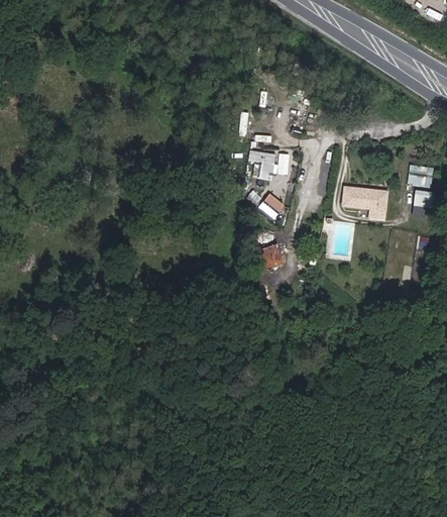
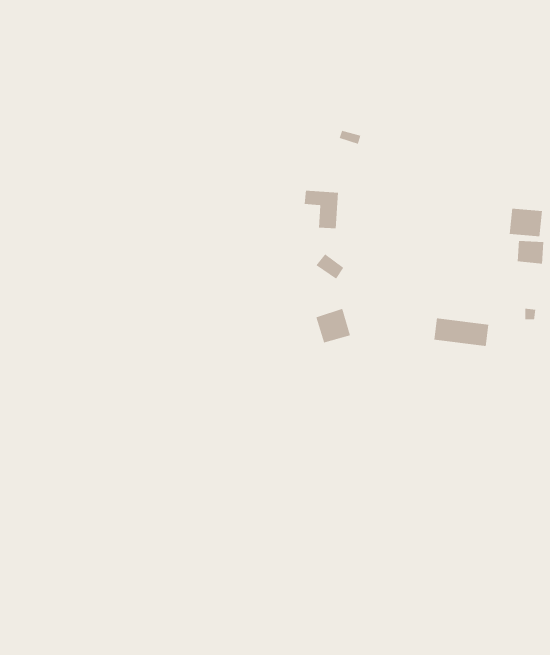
building: [344,188,387,210] -> [433,318,489,346]

